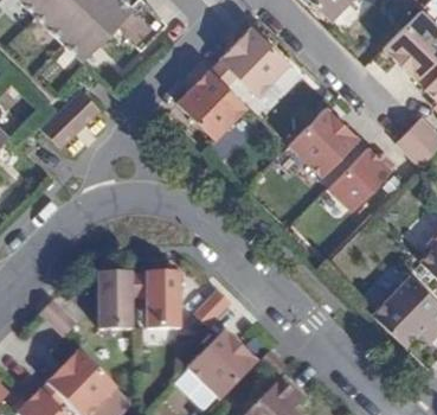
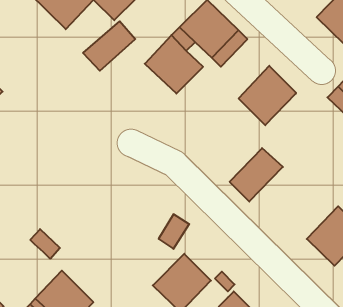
building: [38,94,101,153] -> [83,21,135,71]
building: [328,146,392,210] -> [230,148,283,202]
building: [147,270,180,328] -> none
building: [98,272,133,330] -> none

